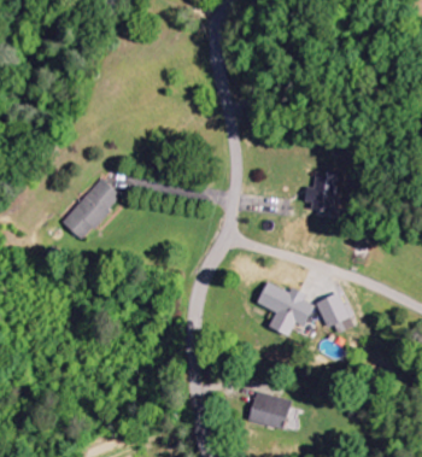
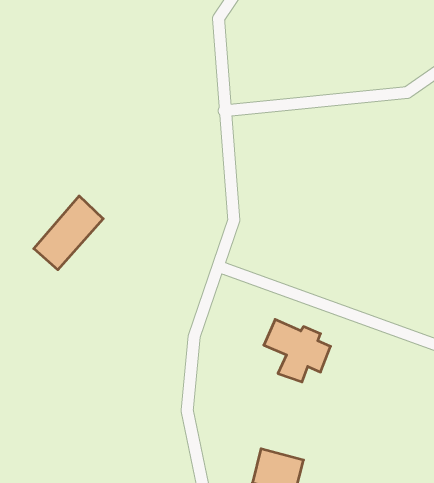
building: [307,171,336,211] -> none
building: [317,293,353,332] -> none

